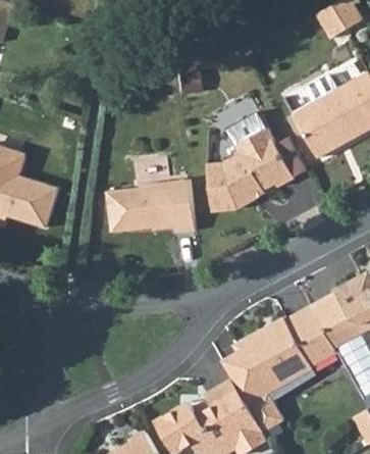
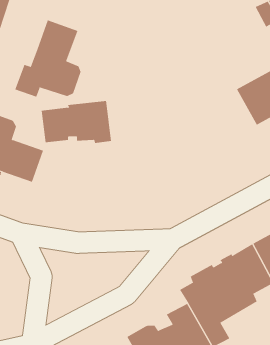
building: none -> [15,20,81,98]
building: [204,116,293,214] -> none
building: [105,180,193,233] -> [41,101,112,144]

